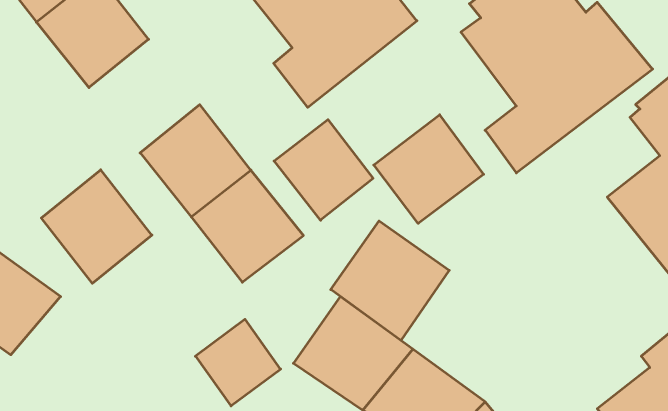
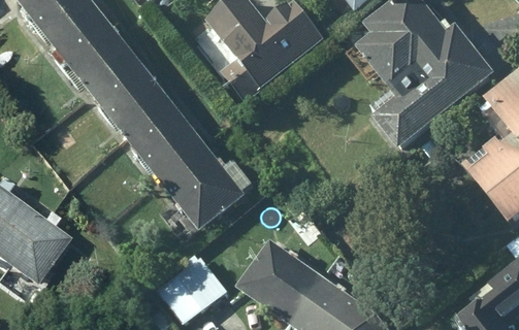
building: [374,115,484,223] -> none
building: [274,120,373,220] -> none
building: [41,170,152,283] -> [87,51,167,133]
building: [331,221,449,340] -> none

